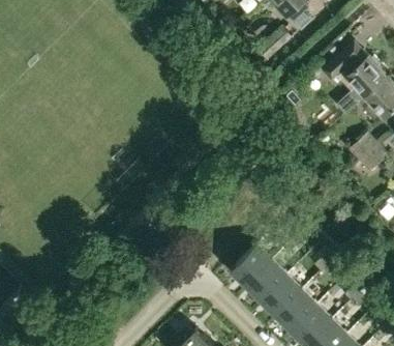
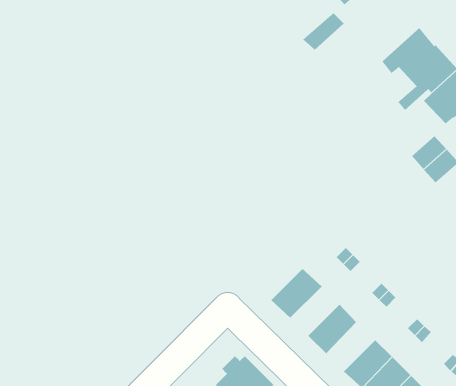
building: [245,260,286,301] -> none
building: [275,290,316,331] -> none

